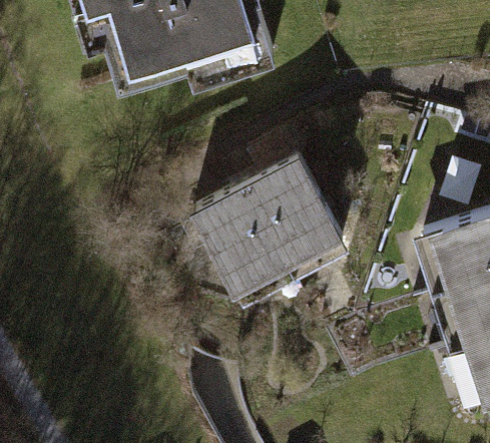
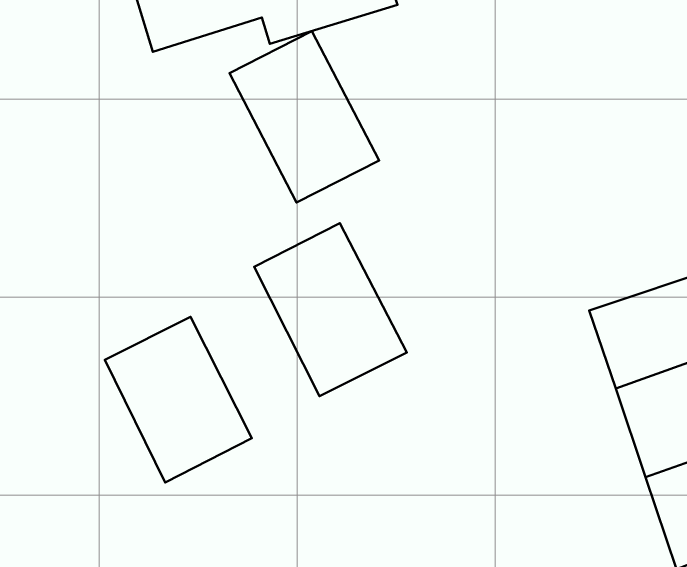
building: [249,158,345,269] -> [229,31,379,203]
building: none -> [105,317,252,482]

